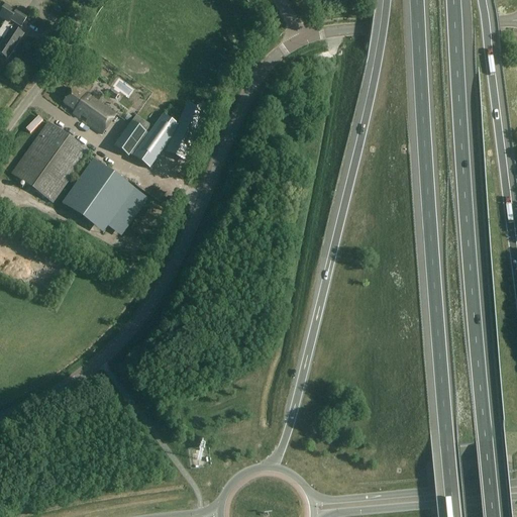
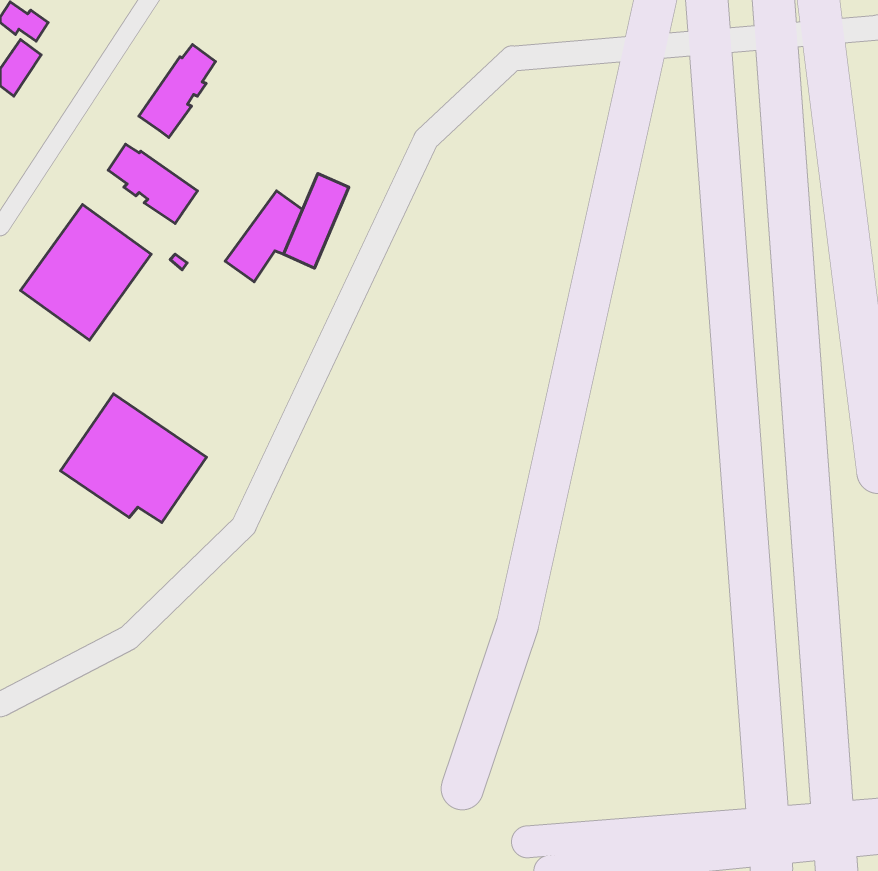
building: none -> [139,44,216,137]
building: [114,112,151,153] -> none
building: [62,159,147,234] -> [60,394,206,523]

